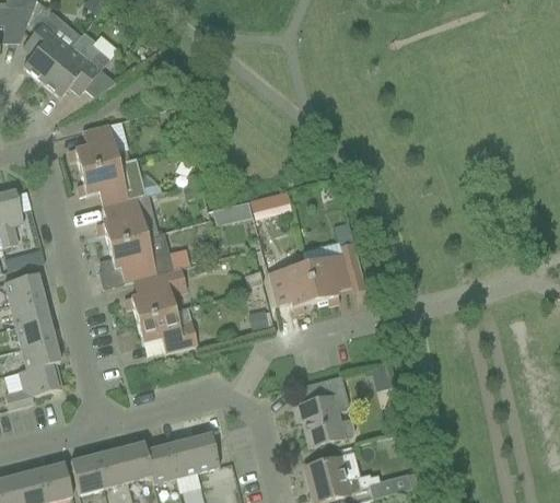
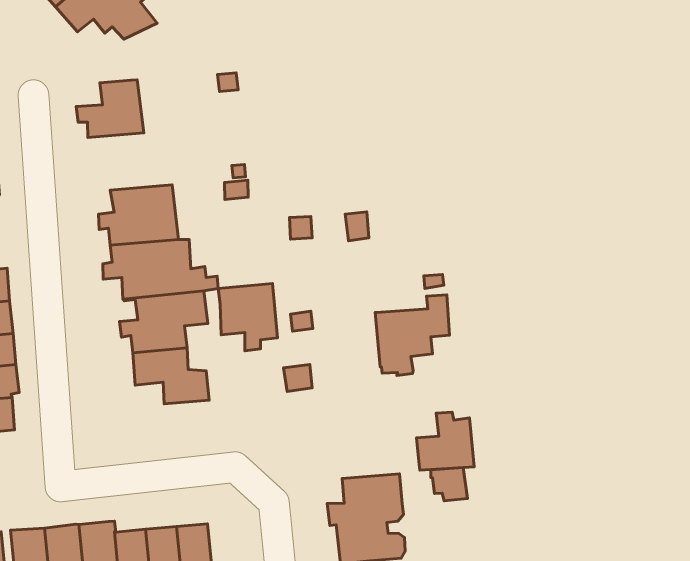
building: [77,157,145,206] -> none
building: [267,262,315,314] -> [218,284,277,351]
building: none -> [417,412,474,470]

